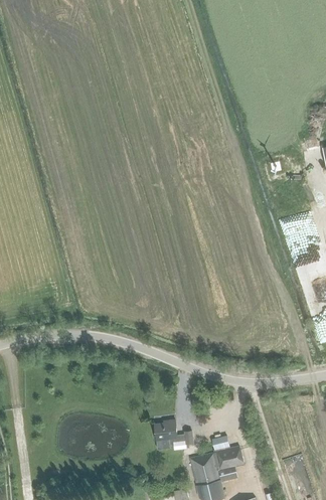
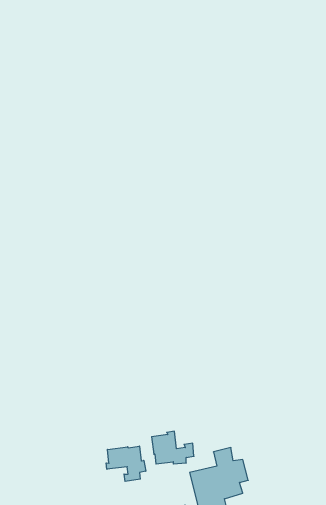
building: none -> [106,446,146,481]

